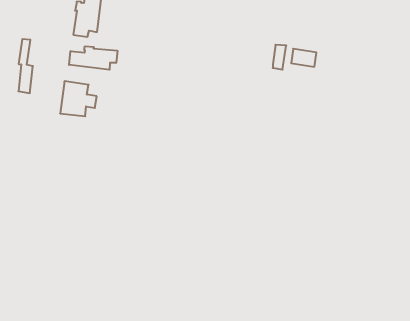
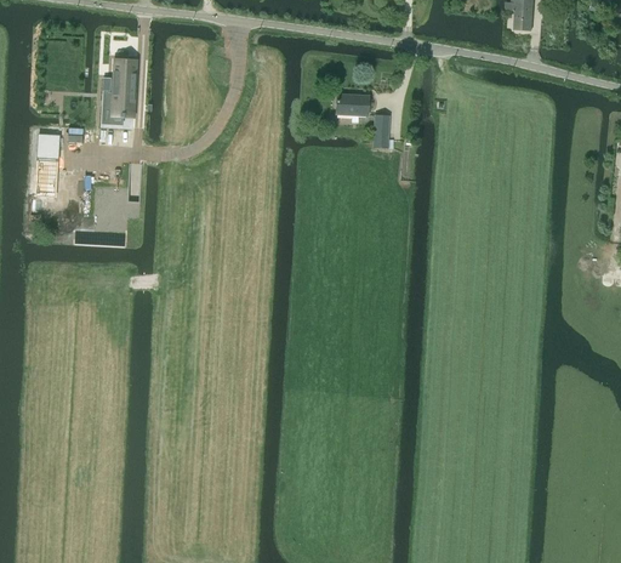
building: [69,46,117,70] -> none
building: [291,49,316,67] -> [336,93,369,115]

